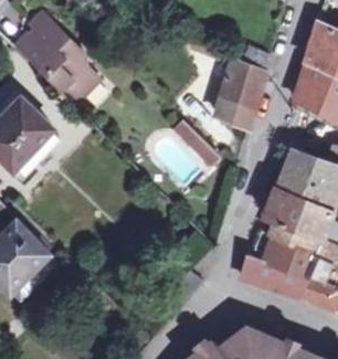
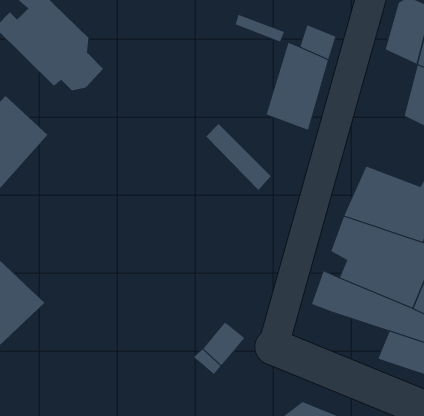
building: [295,65,330,115] -> none
building: [241,254,309,297] -> none

